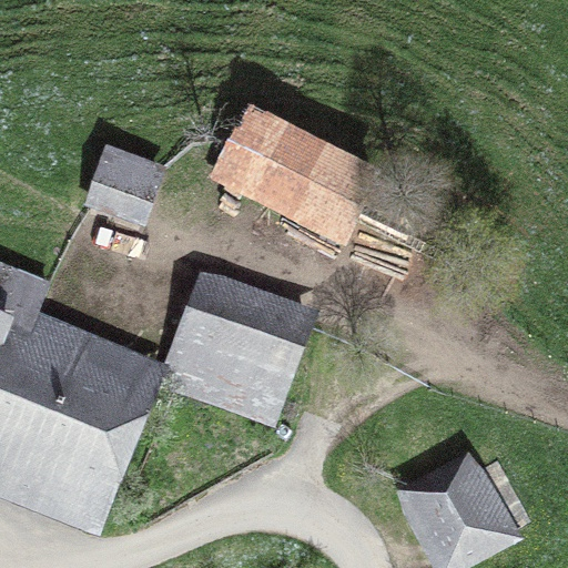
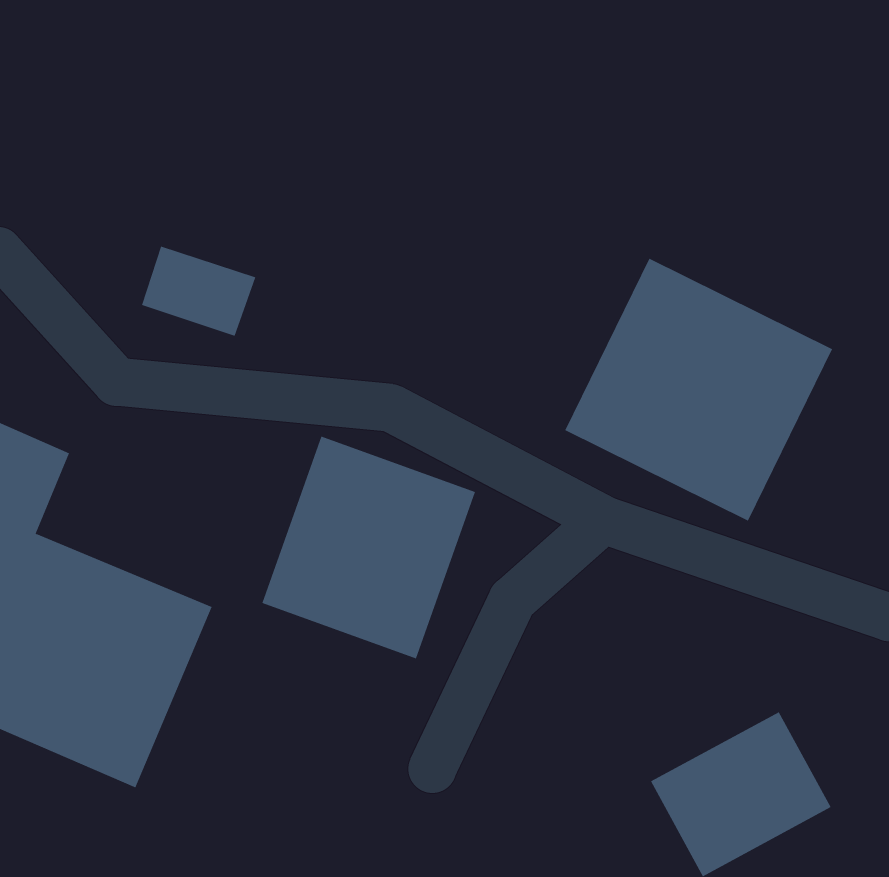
building: [217,109,372,230] -> none
building: none -> [565,258,833,522]

